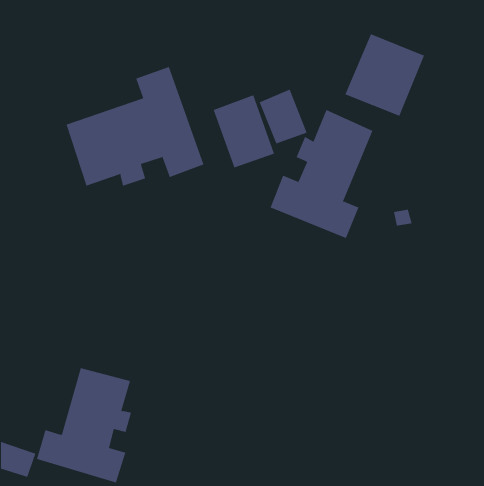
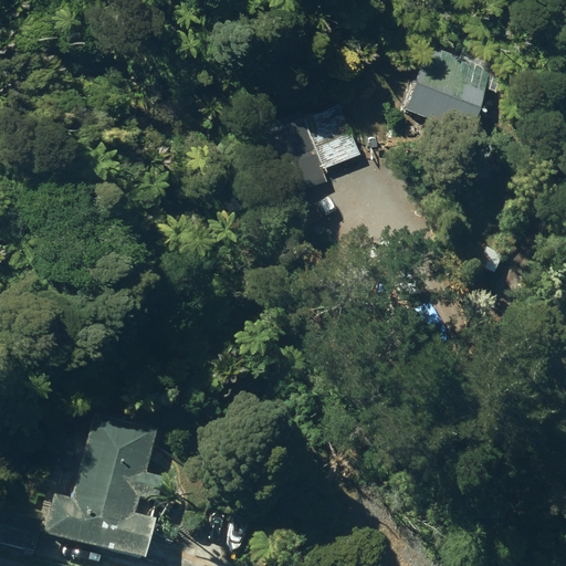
building: [66,66,204,187] -> none
building: [270,109,373,239] -> none

